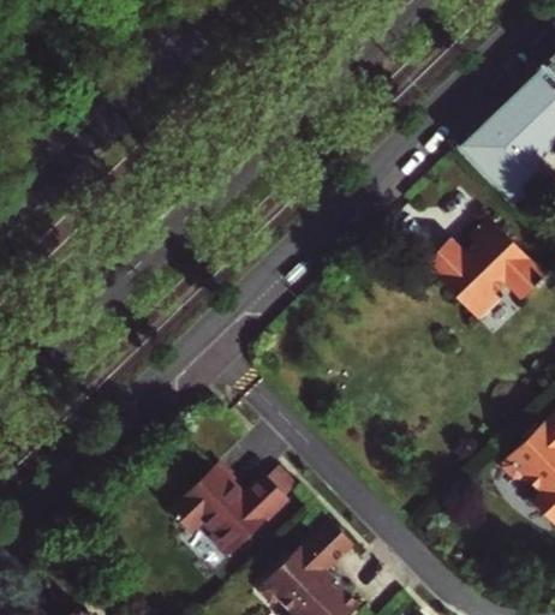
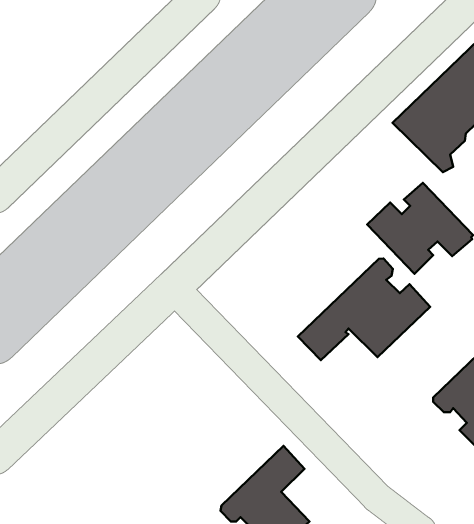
building: none -> [298,258,430,360]
building: [169,462,288,556] -> none

